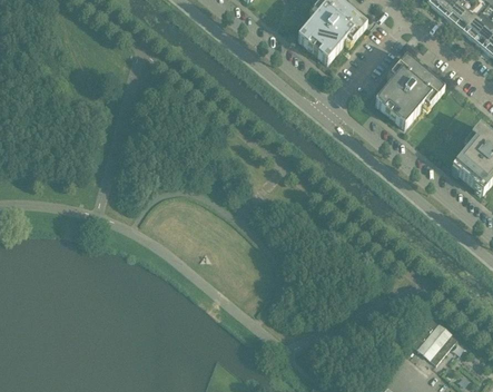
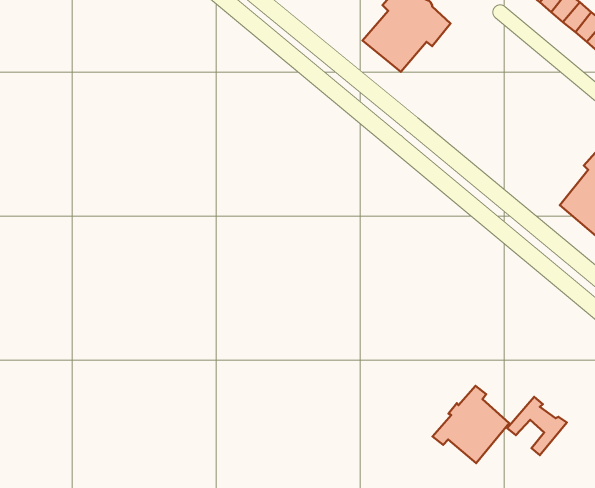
building: [374,57,443,127] -> none
building: none -> [433,386,509,463]

